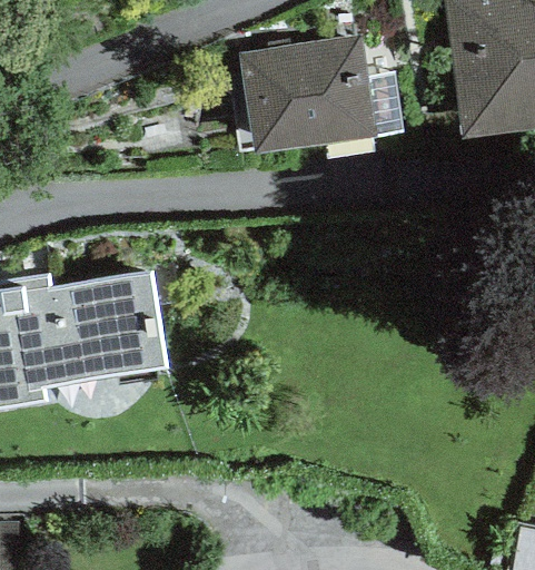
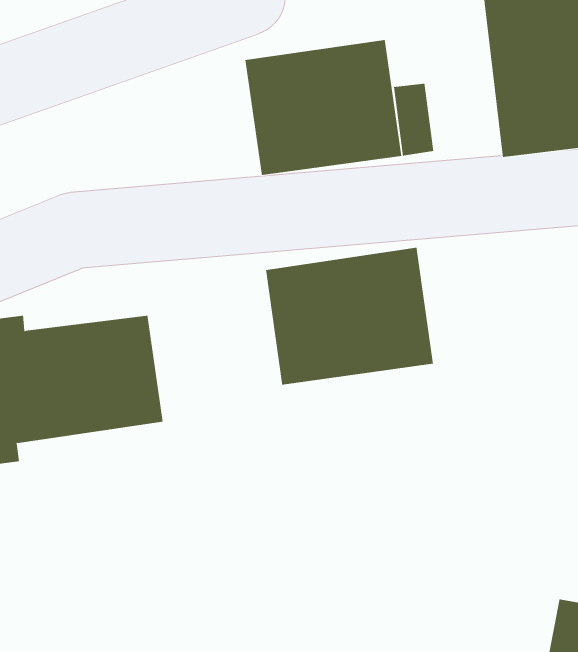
building: none -> [265,247,433,386]

